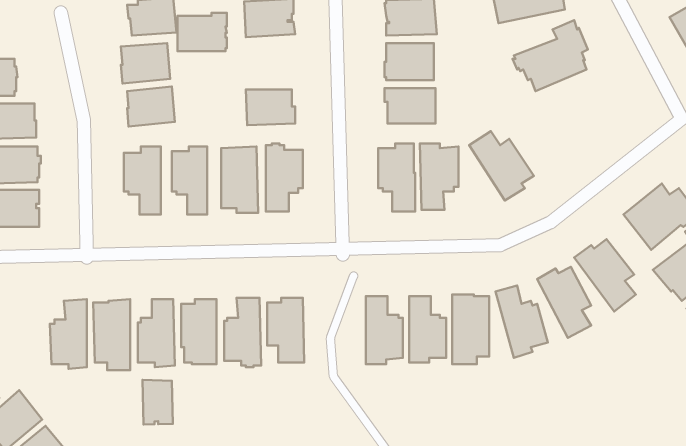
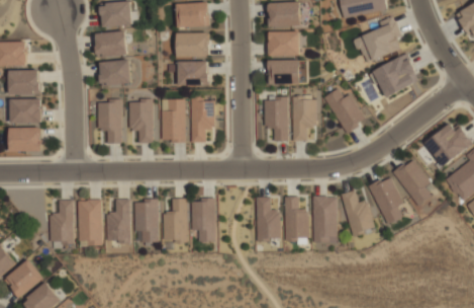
building: [178,13,227,51] -> [176,31,208,57]
building: none -> [372,54,418,98]
building: [143,380,173,424] -> none

